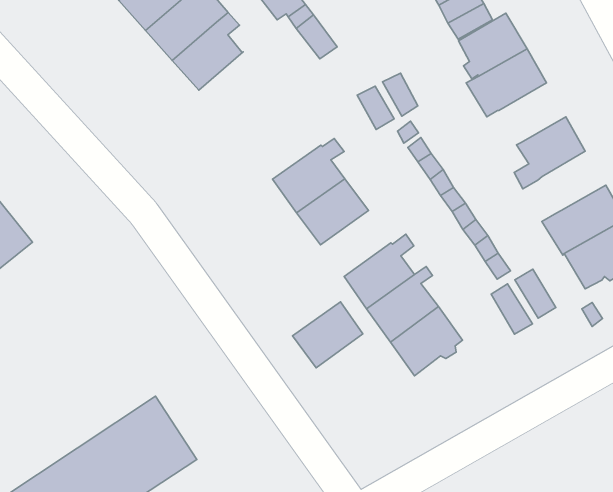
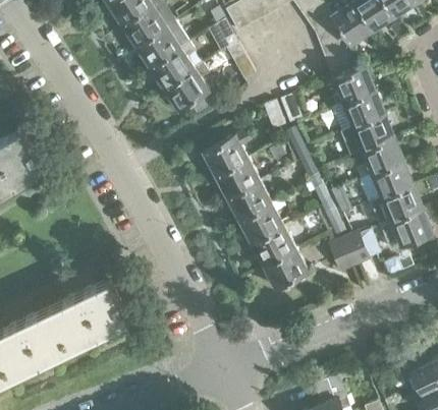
building: none -> [164,63,222,115]
building: none -> [343,116,394,157]
building: none -> [371,163,414,199]
building: [292,302,363,368] -> [227,181,272,221]

